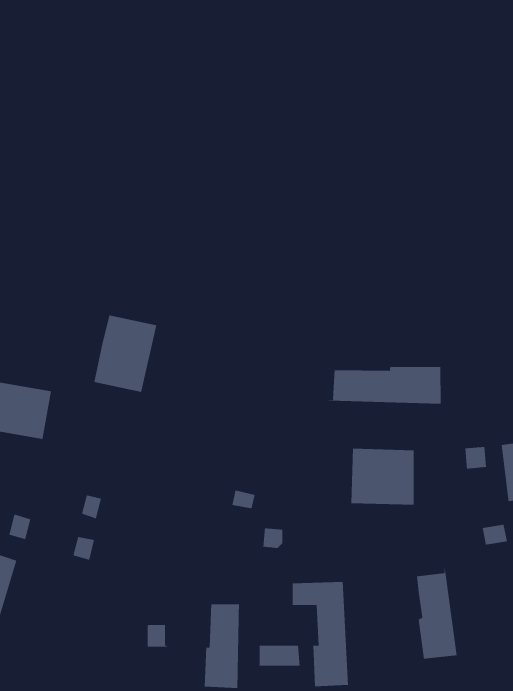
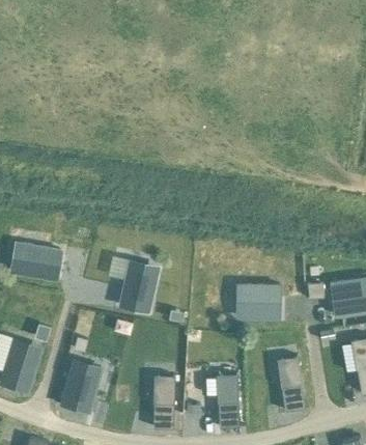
building: [93,315,157,393] -> [119,265,158,311]
building: [328,366,441,404] -> none
building: none -> [61,363,101,412]

